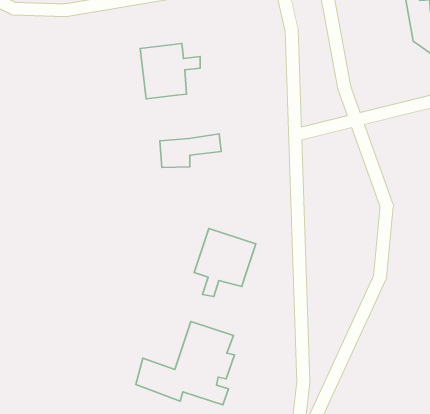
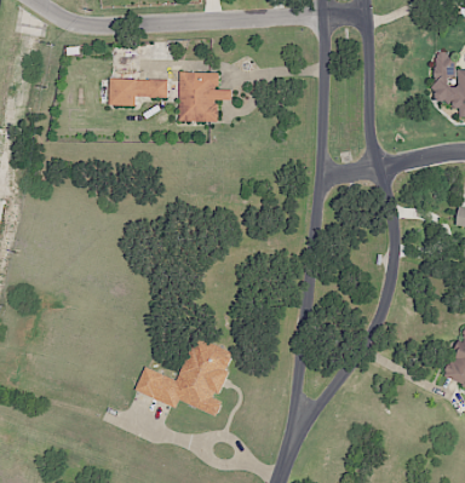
building: [160,134,221,167] -> [109,77,167,105]
building: [194,228,256,297] -> none

